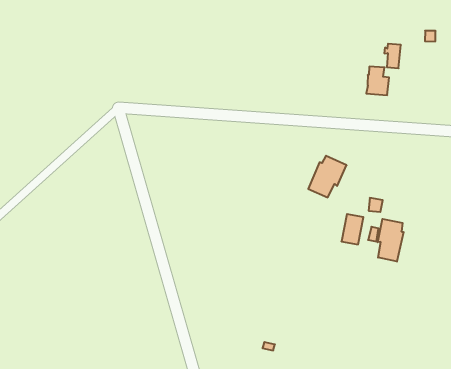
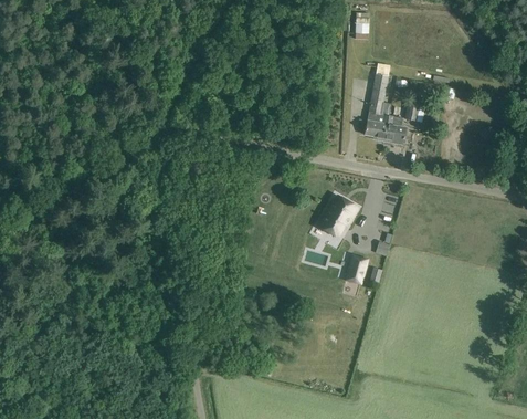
building: none -> [365,75,390,142]
building: [378,219,404,262] -> none

